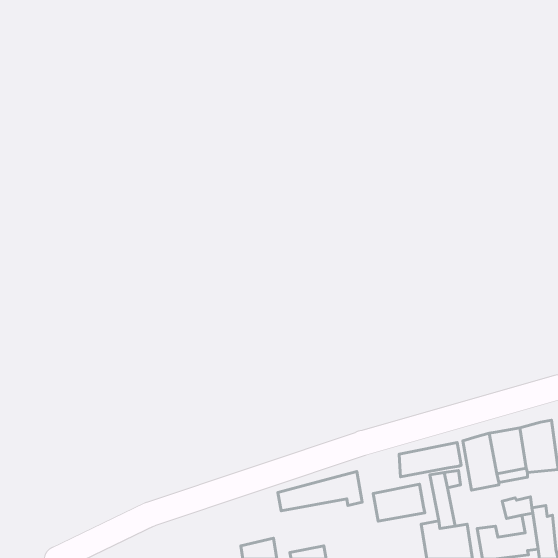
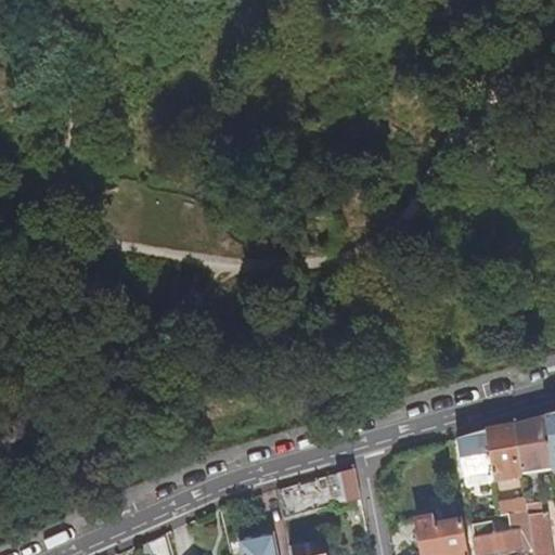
building: [399,443,461,477] -> none
building: [373,484,425,521] -> none

